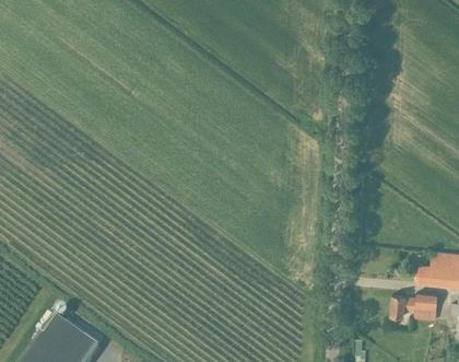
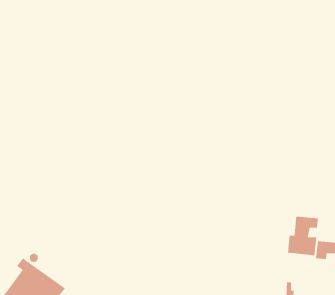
building: none -> [288,216,319,256]

